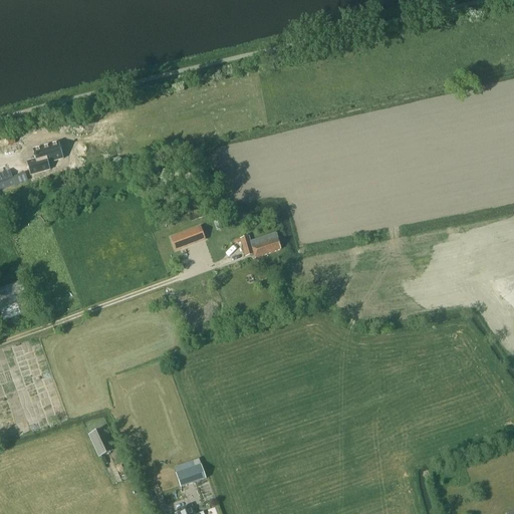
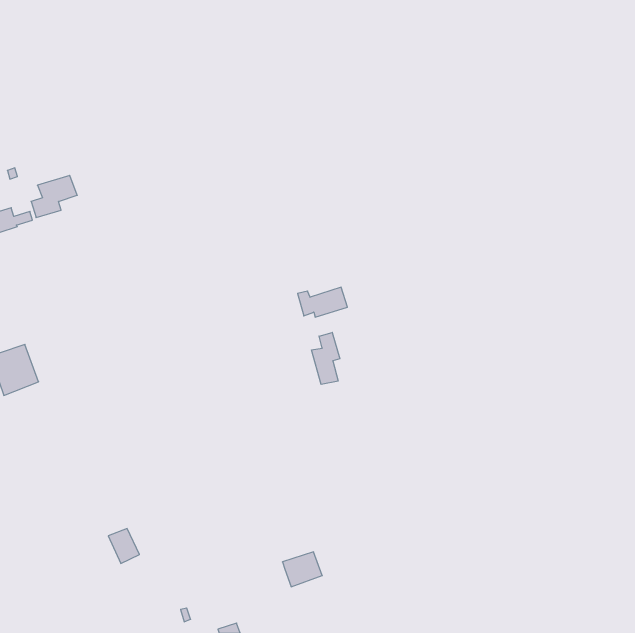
building: [171,224,204,248] -> none
building: none -> [312,332,340,384]
building: [173,458,205,486] -> [282,552,322,587]

